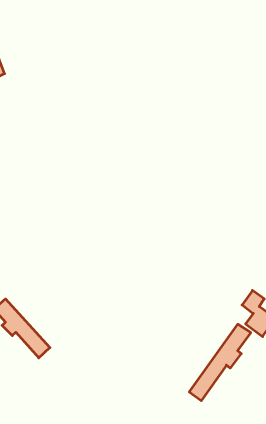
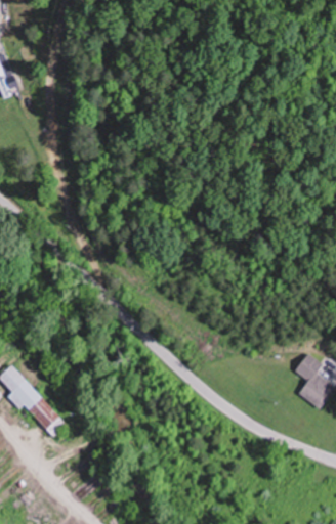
building: [189,324,251,401] -> none

